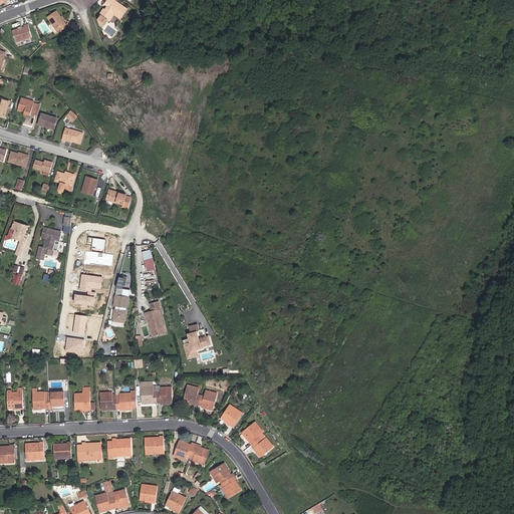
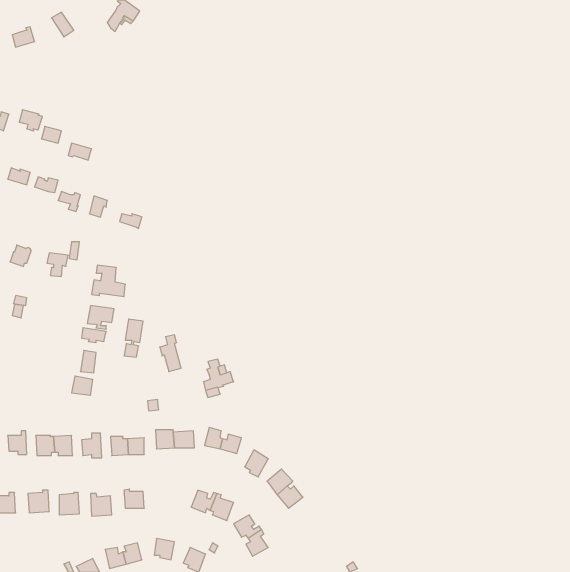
building: [145,436,164,459] -> none

